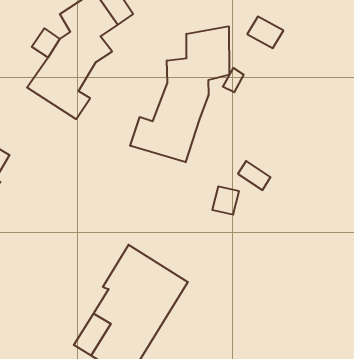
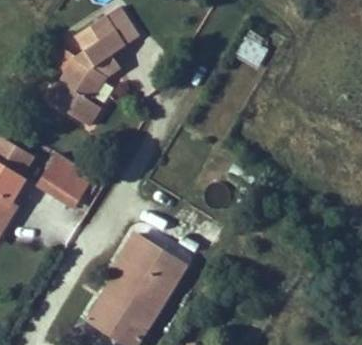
building: [130,26,229,162] -> none
building: none -> [40,154,93,207]

